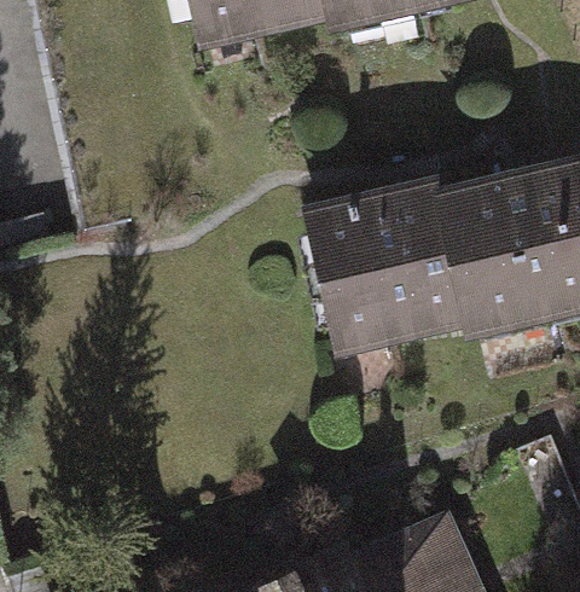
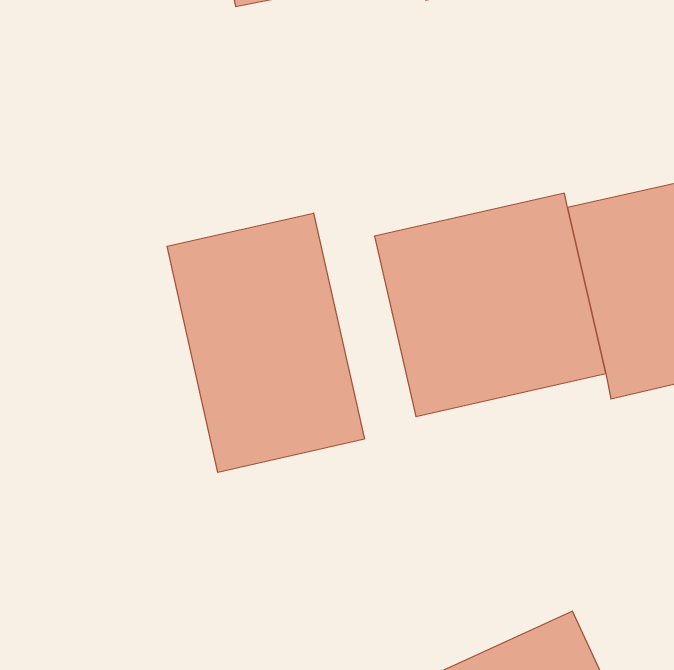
building: none -> [167,213,364,472]

